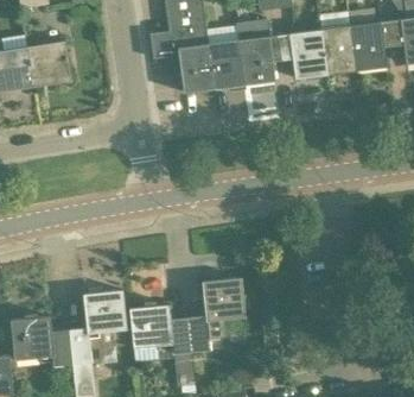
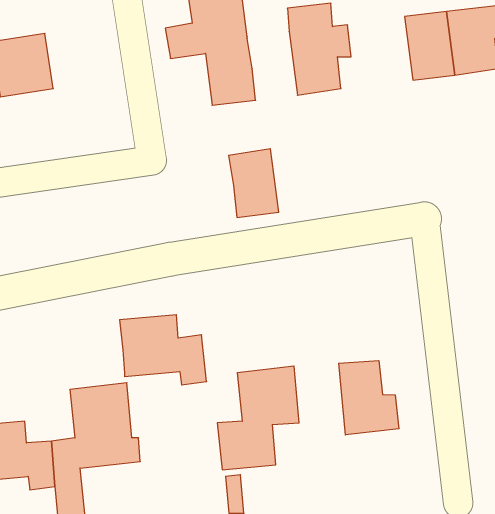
building: [279,29,325,77] -> none
building: [208,39,243,88] -> [229,149,279,217]
building: none -> [339,361,399,435]
building: [128,303,190,353] -> [120,315,207,385]

